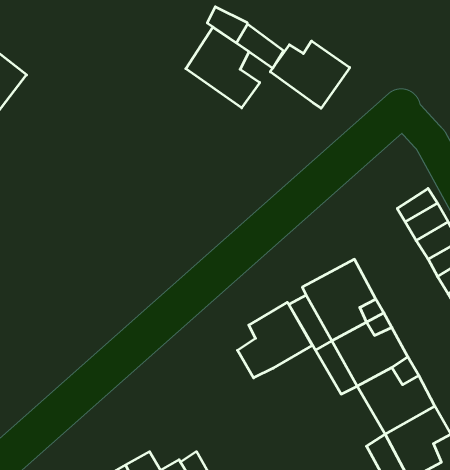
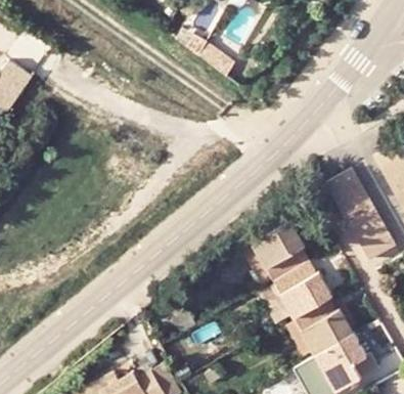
building: [186,27,260,108] -> none
building: [270,41,350,108] -> none
building: [237,302,312,378] -> none

